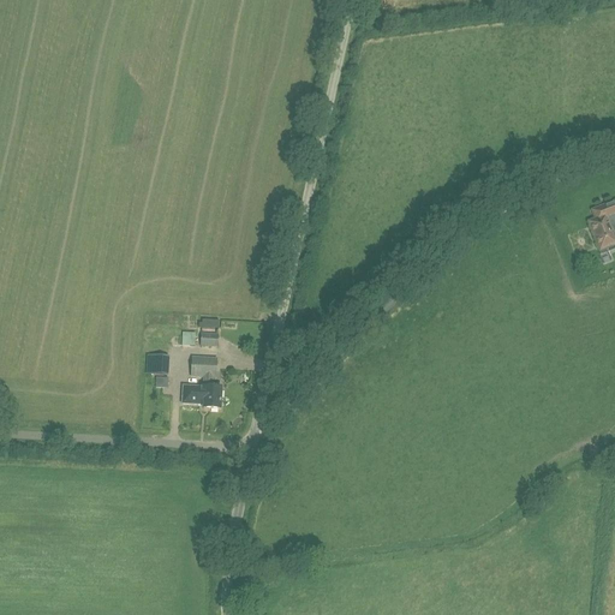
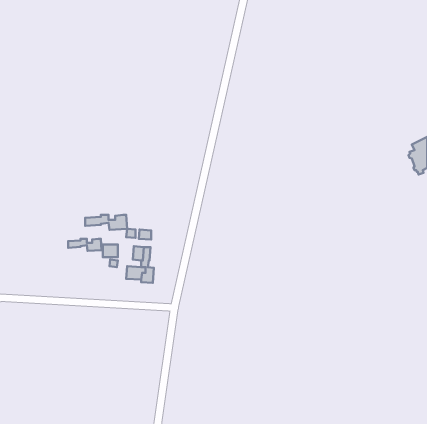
building: none -> [85,215,127,230]
building: none -> [68,239,102,251]

